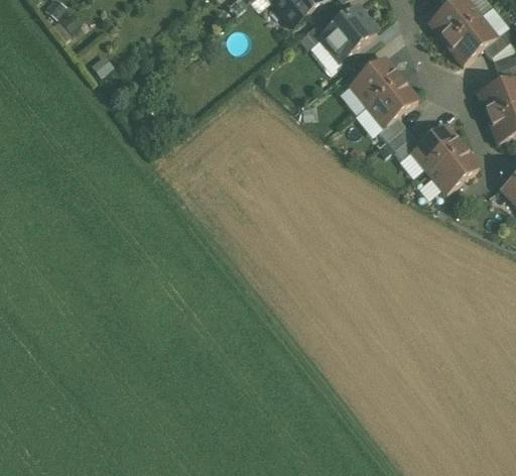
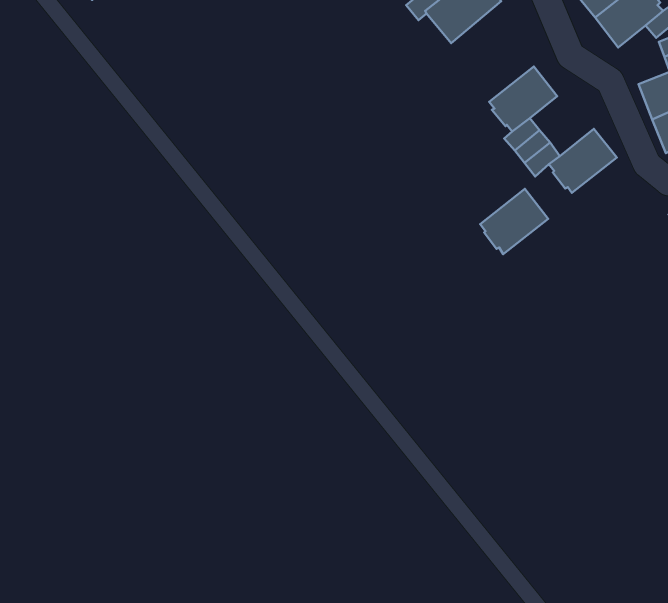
building: [350,55,400,103] -> none
building: [428,144,479,193] -> [480,189,548,254]

